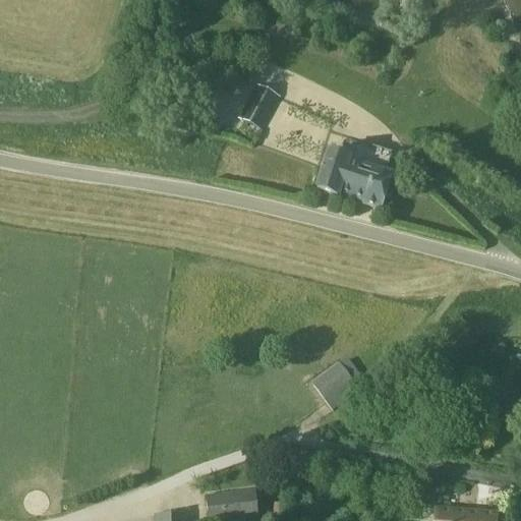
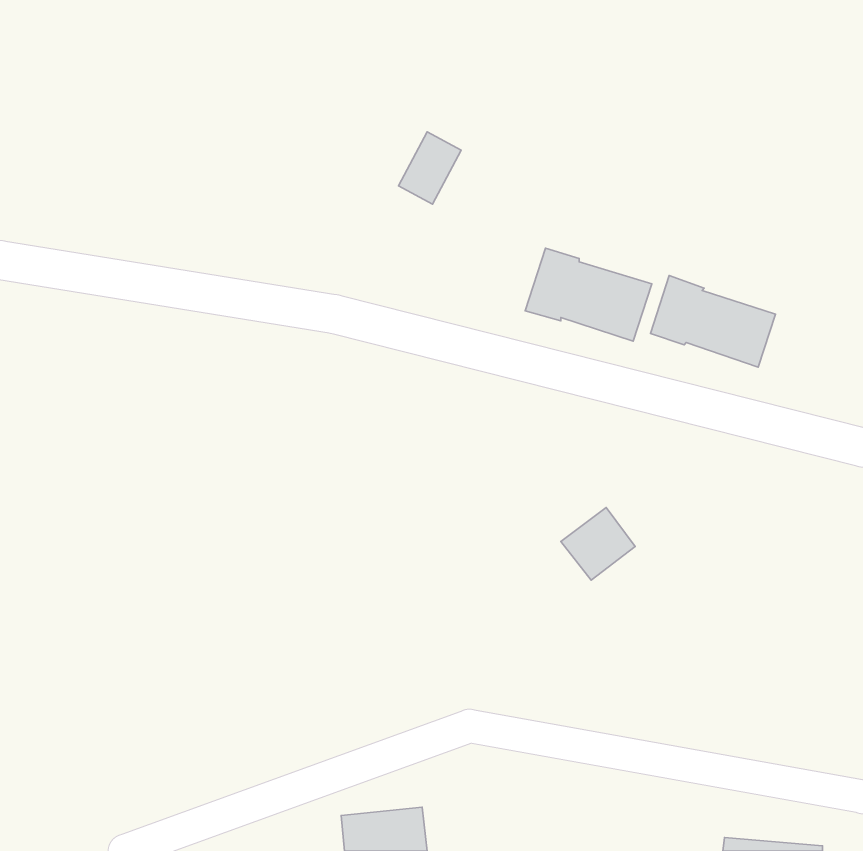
building: none -> [651,276,775,367]
building: [315,362,360,406] -> [561,508,635,580]

